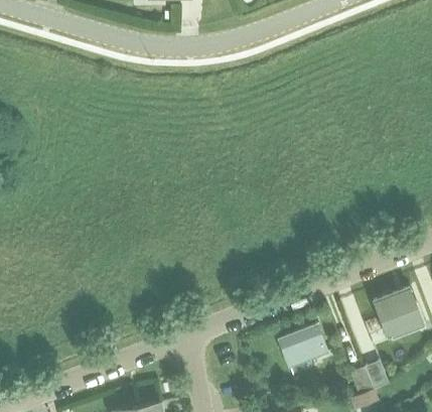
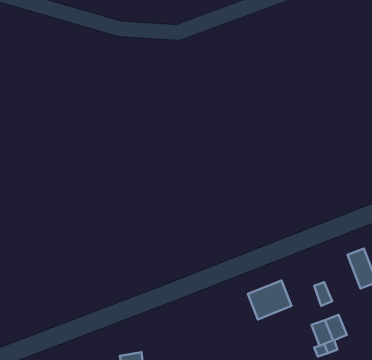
building: [374,294,405,338] -> none

